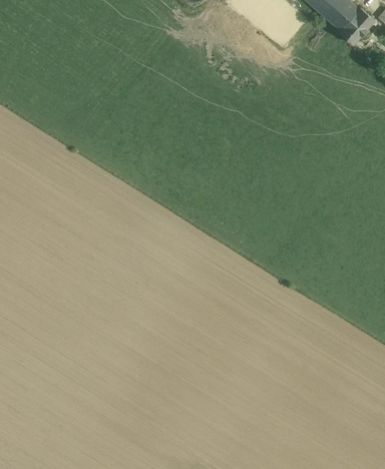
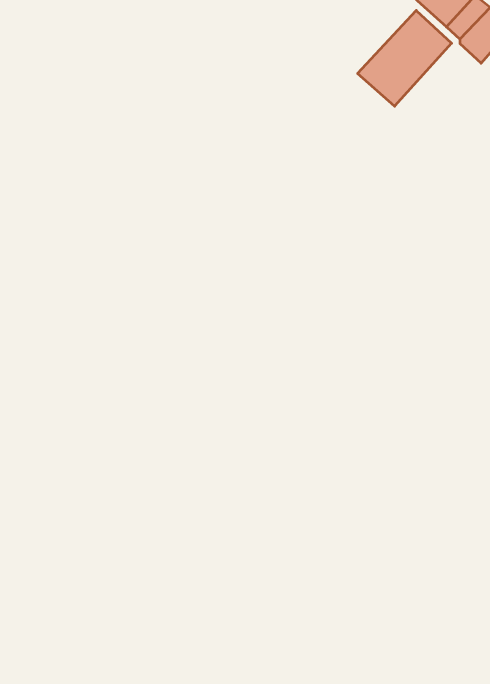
building: none -> [358,10,452,106]

